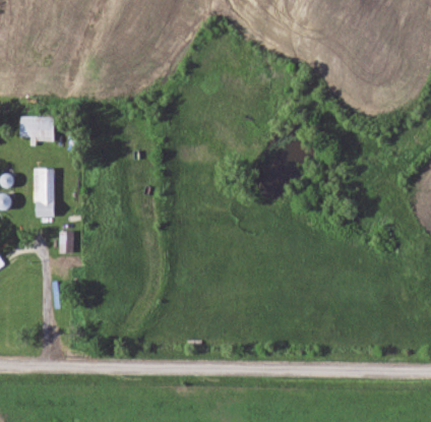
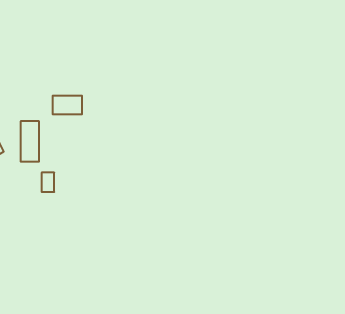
building: [19,117,55,139] -> [53,96,82,114]

